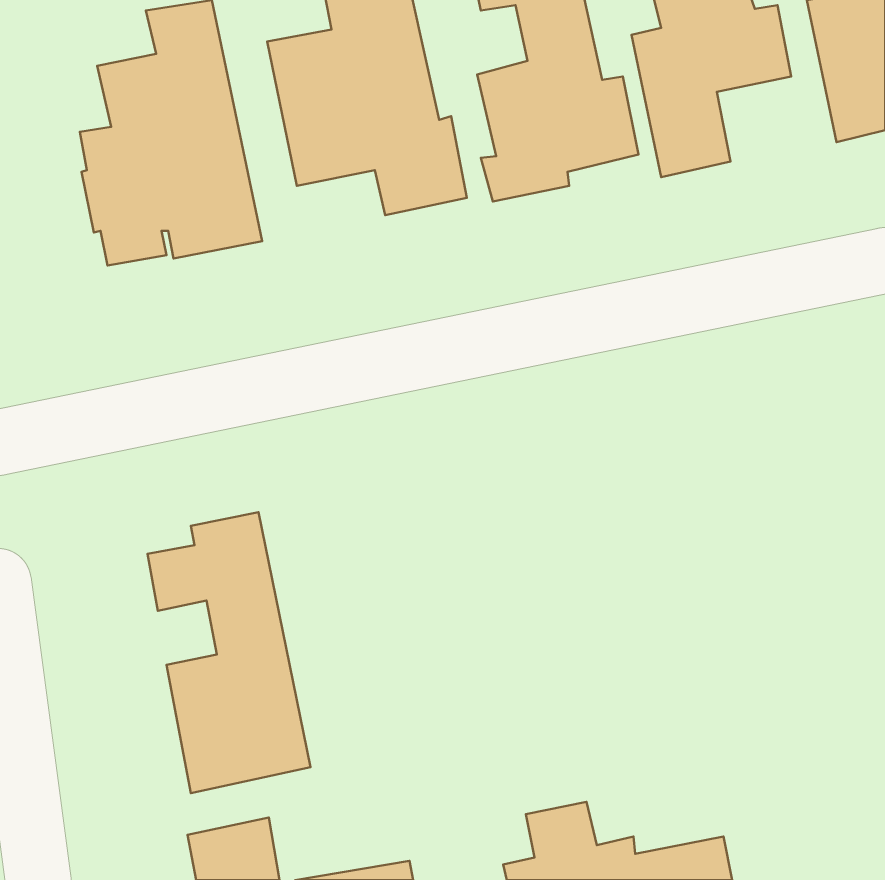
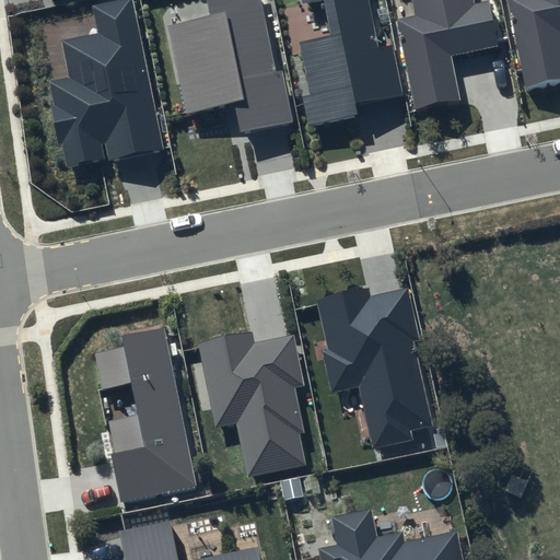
building: none -> [312,283,433,443]
building: none -> [199,335,306,479]

